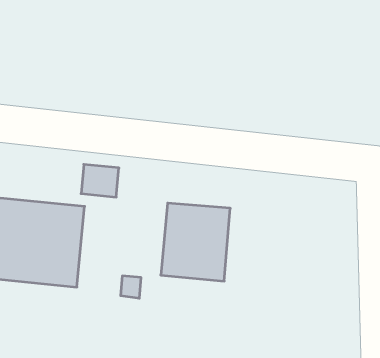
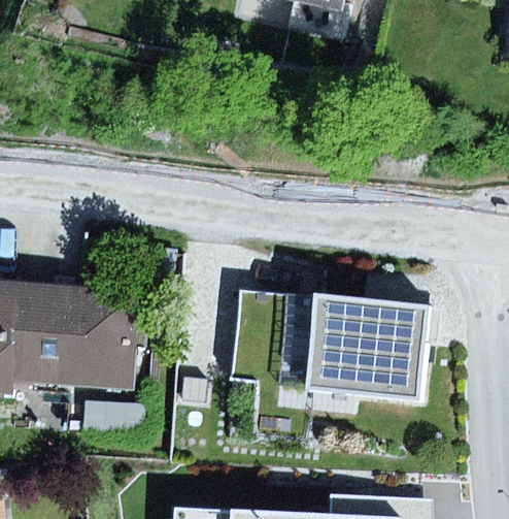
building: none -> [307,296,428,400]

